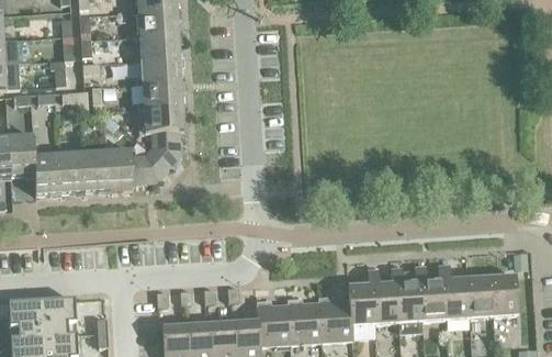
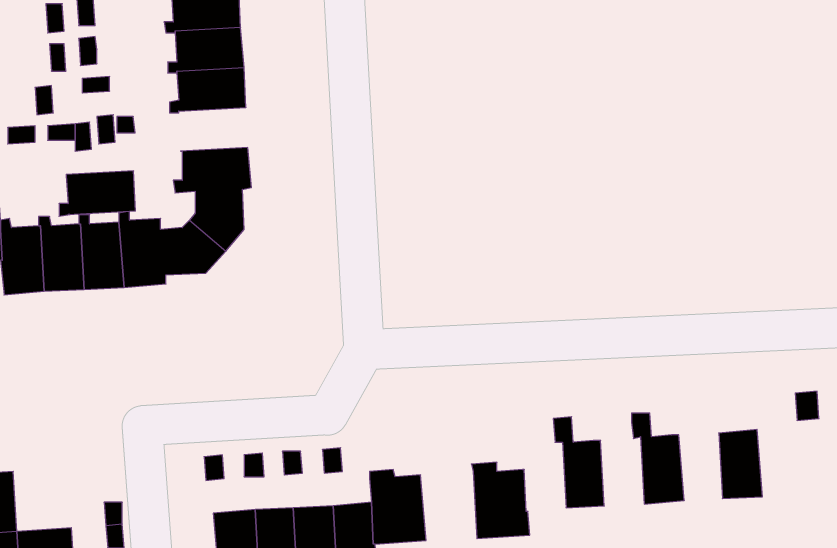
building: [136,81,182,109] -> [59,171,135,216]
building: [438,264,469,319] -> none
building: [390,267,421,322] -> none
building: [489,275,517,316] -> none
building: [347,283,374,325] -> none
building: [286,298,320,343] -> none
building: [41,299,76,337] -> none

